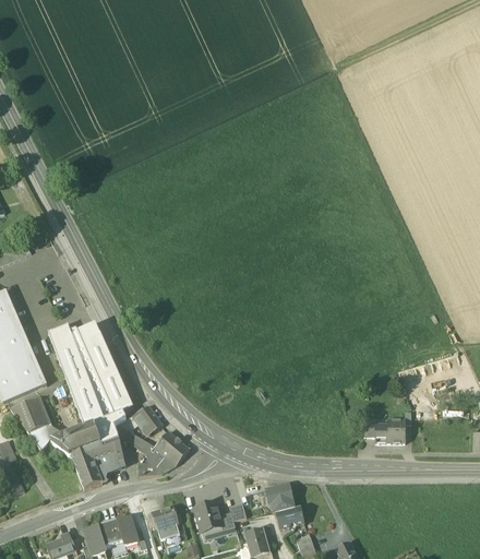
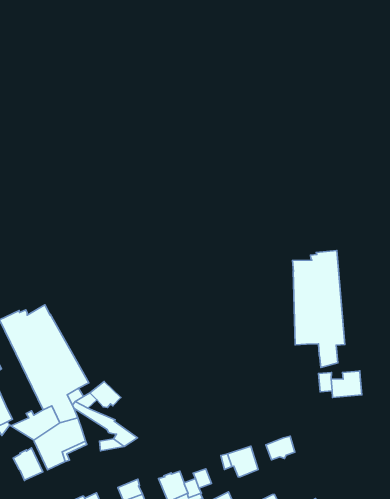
building: none -> [293,250,345,368]
building: [154,430,189,464] -> none
building: none -> [13,448,43,480]
building: [275,506,303,527] -> [266,436,295,460]

